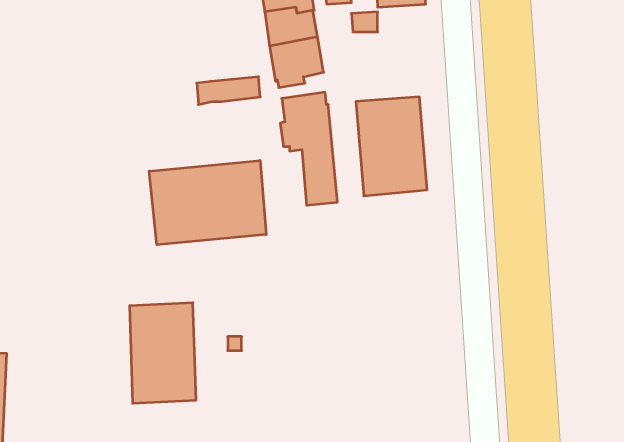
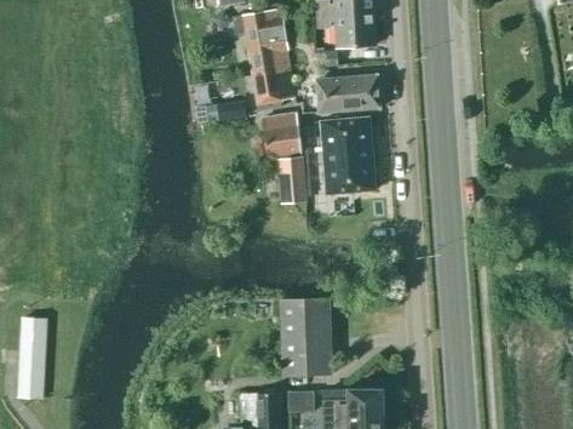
building: none -> [315,74,379,113]
building: [149,160,266,245] -> none
building: [130,303,196,403] -> [280,297,332,376]

